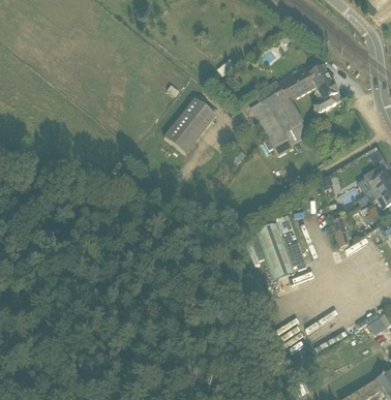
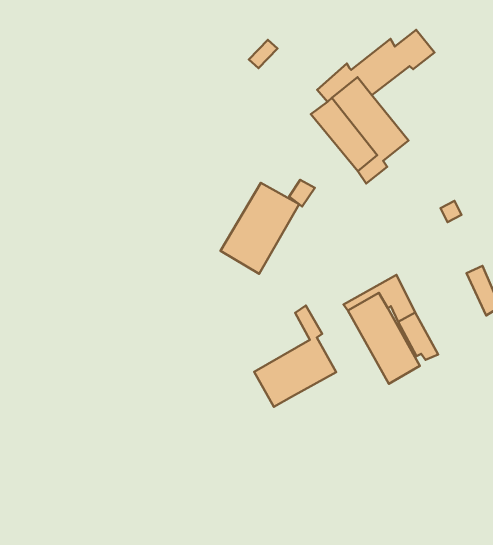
building: [313,80,343,113] -> none
building: [164,97,217,153] -> [220,183,299,274]
building: none -> [254,305,336,407]

